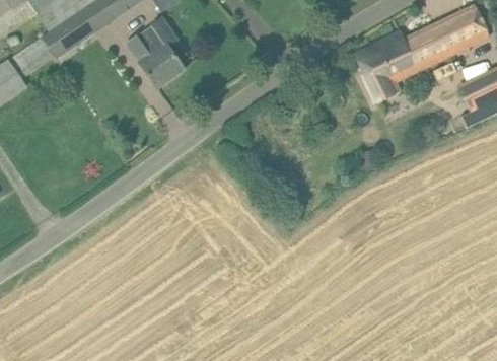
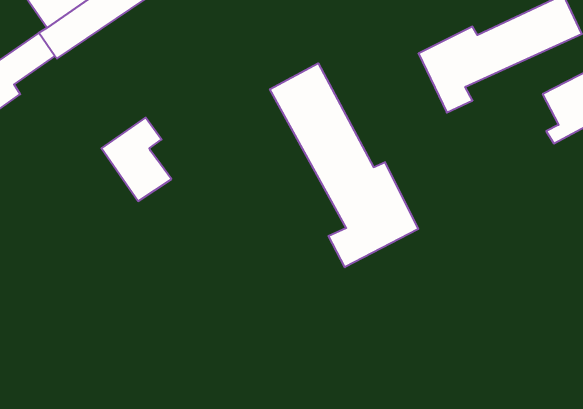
building: [125,18,183,87] -> [101,118,171,201]
building: none -> [270,63,418,267]

